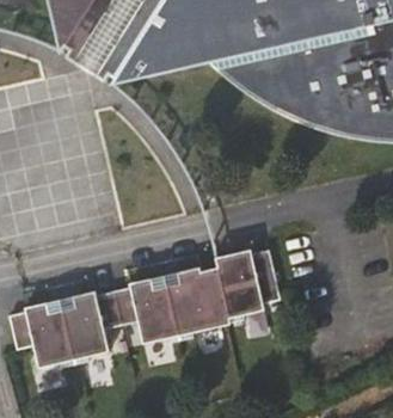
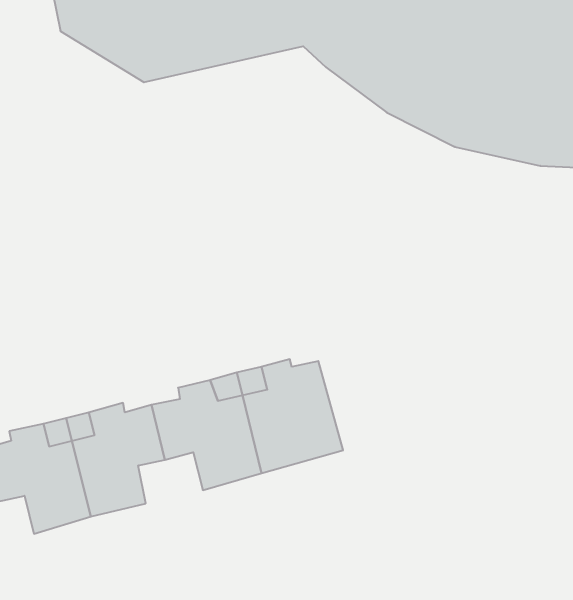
building: [220,248,284,319] -> none

